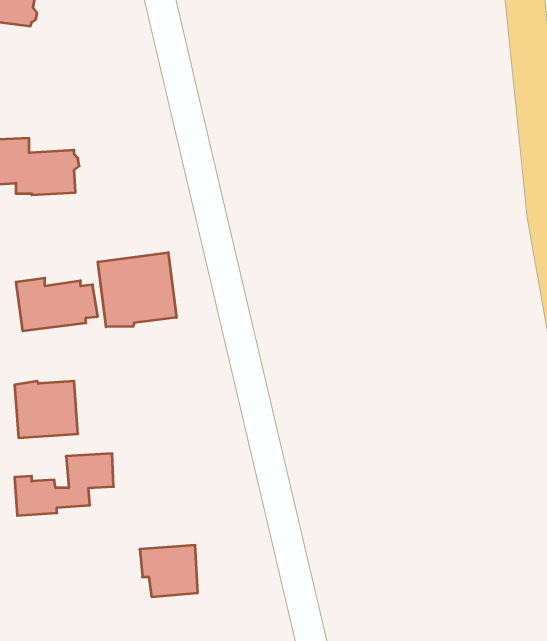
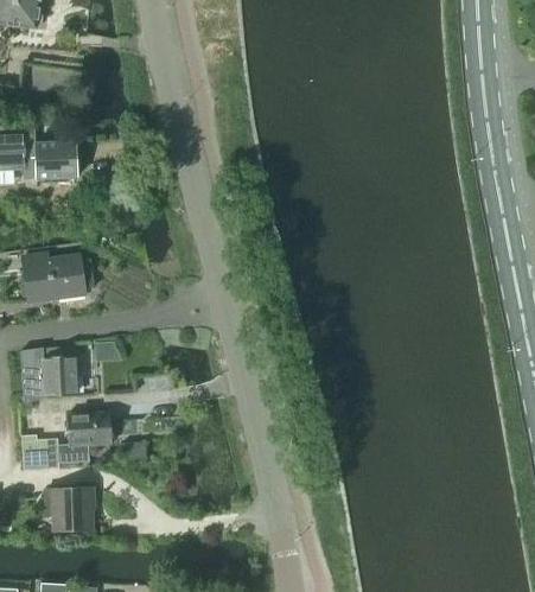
building: [98,252,176,327] -> none
building: [140,545,198,597] -> [40,489,93,535]

